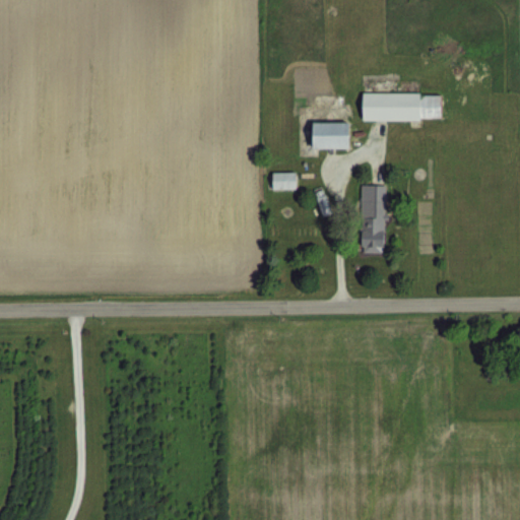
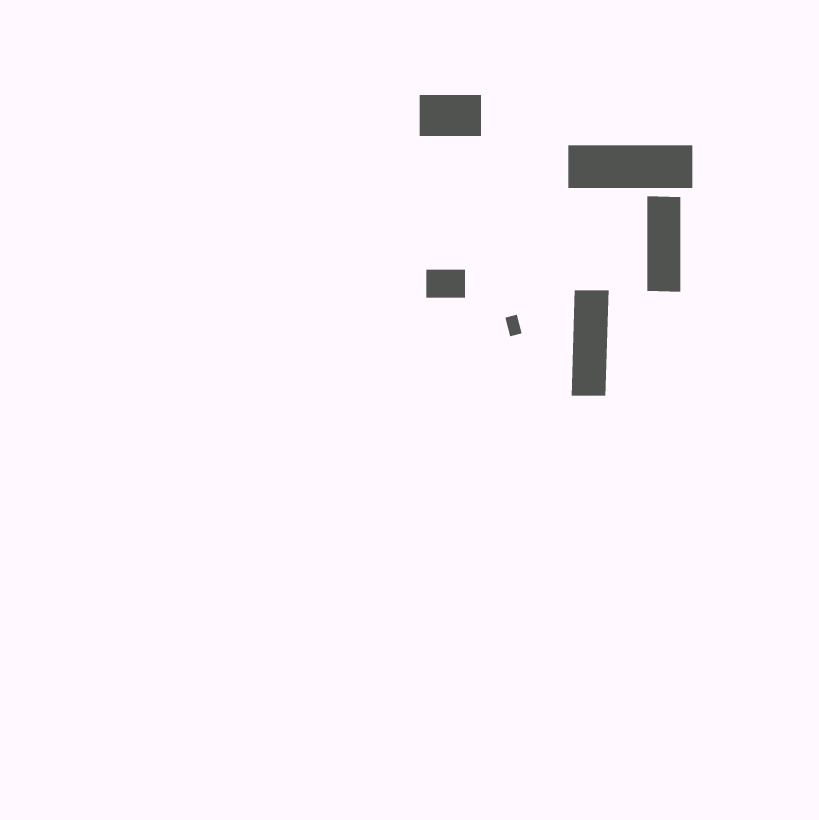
building: [308,122,347,148] -> [419,95,482,136]
building: none -> [647,195,681,292]

